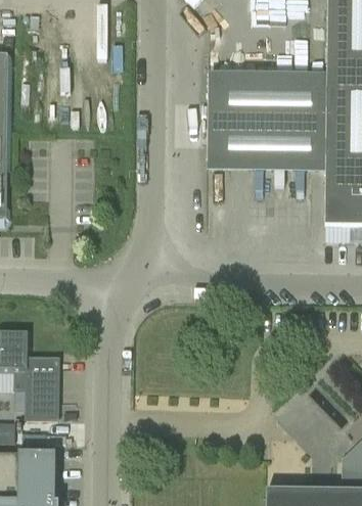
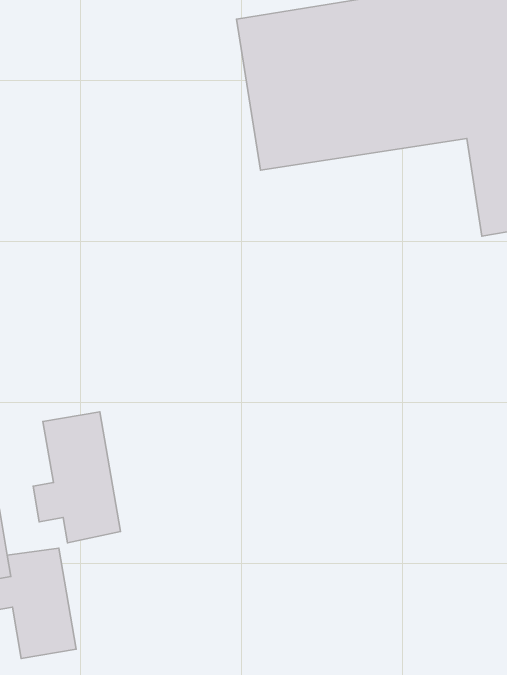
building: none -> [33,412,120,543]

